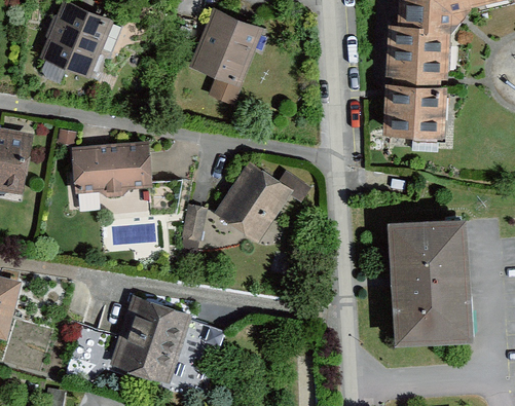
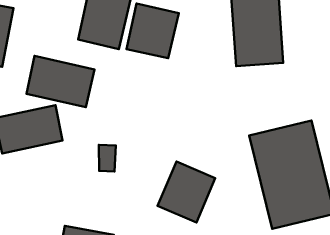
building: none -> [127,4,179,58]
building: none -> [27,56,95,107]
building: [217,160,294,239] -> [158,162,215,222]

